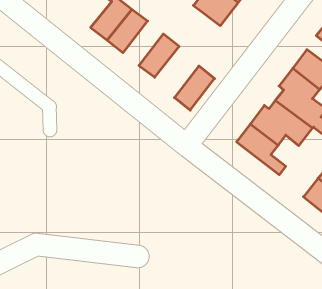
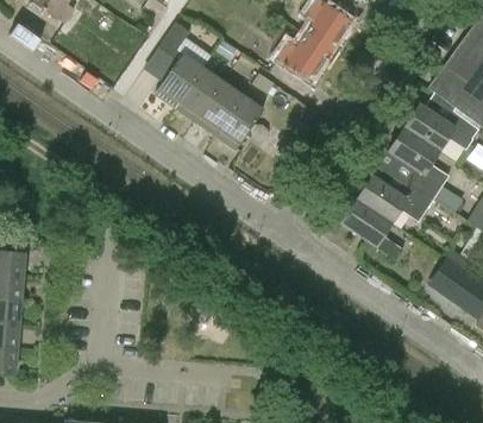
building: [174,66,215,110] -> [195,81,243,135]

